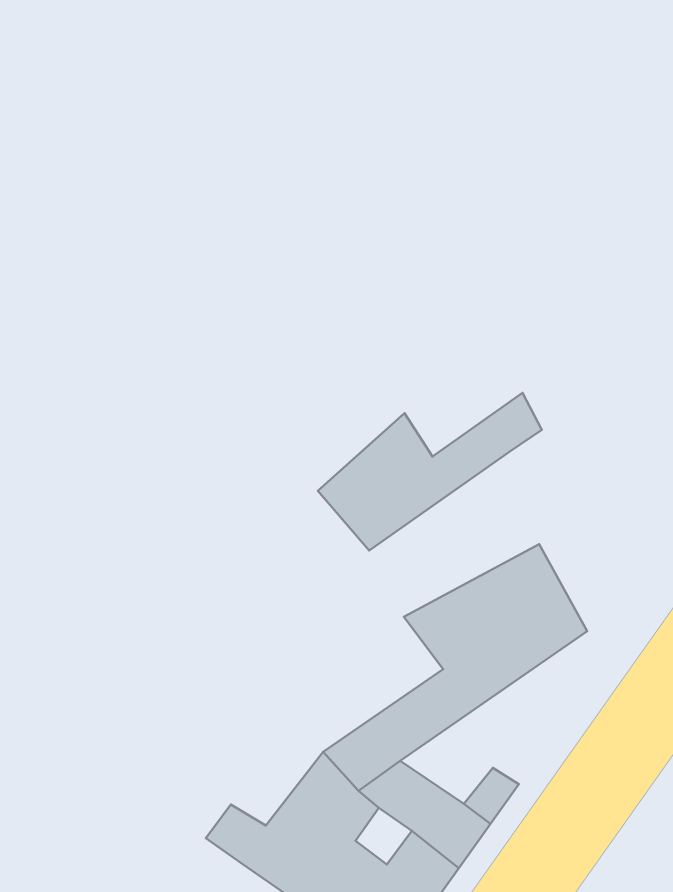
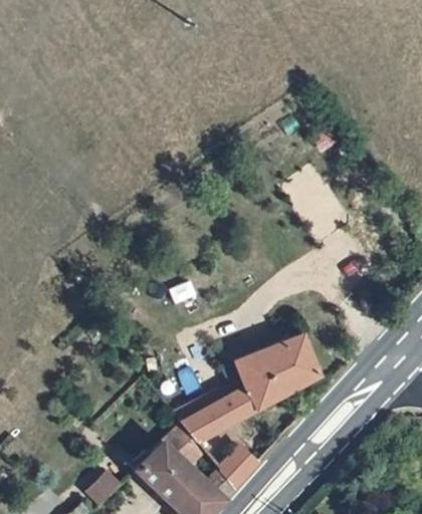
building: [318,393,542,550] -> none

